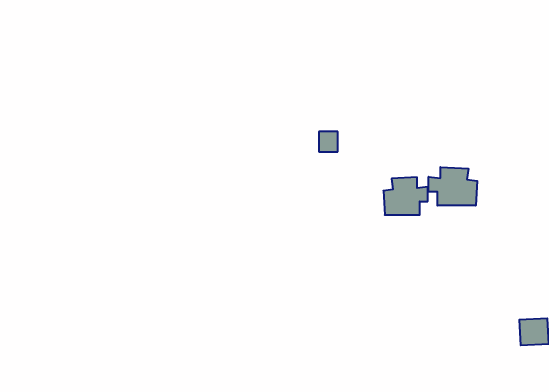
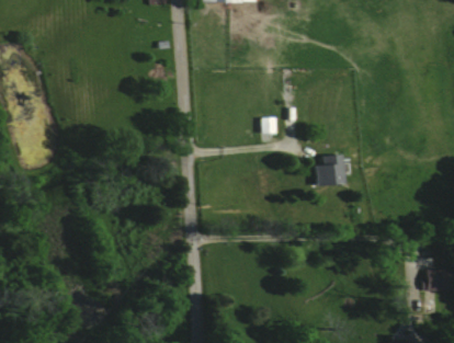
building: [429,167,477,206] -> none

